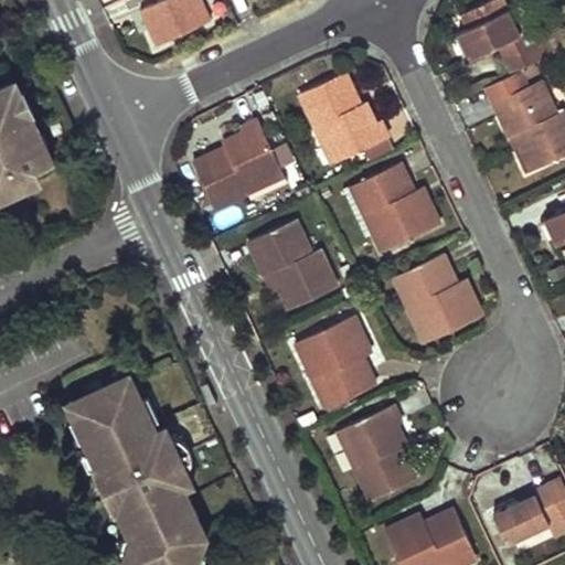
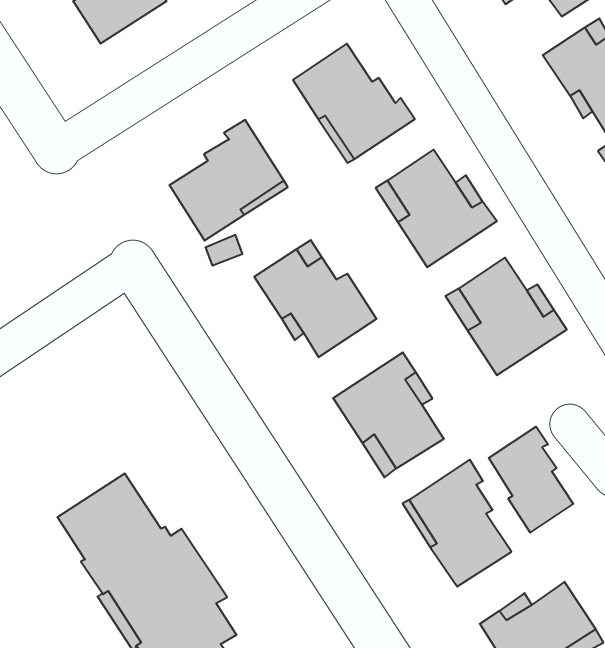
building: none -> [489,427,573,533]

